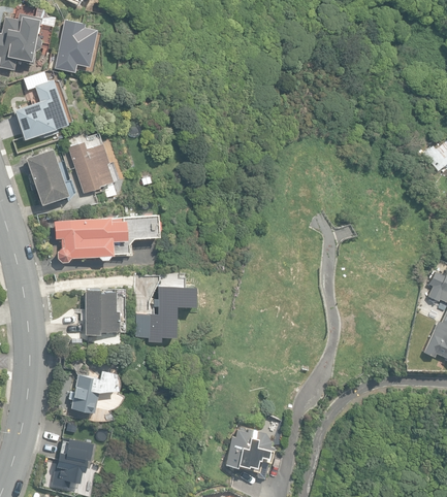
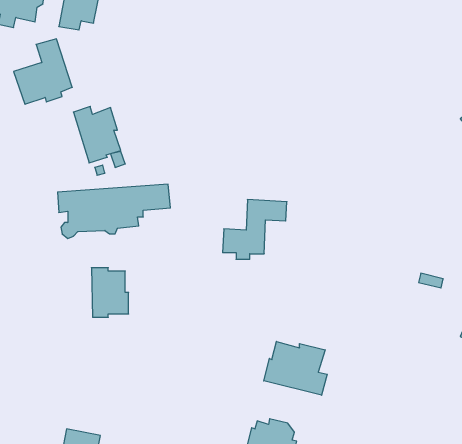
building: [27,150,68,204] -> none
building: [135,285,194,339] -> [223,200,287,259]
building: none -> [264,341,327,395]
building: [69,368,119,412] -> none

